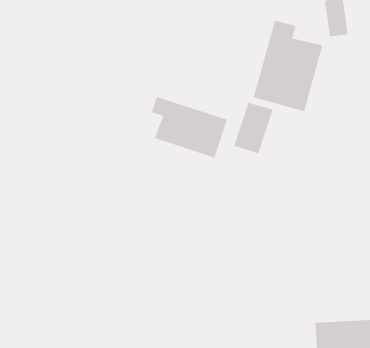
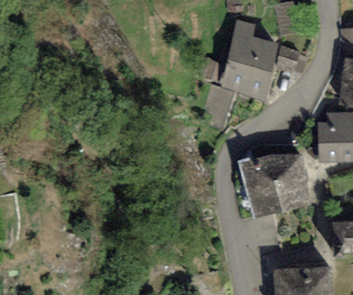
building: [151,96,228,159] -> none
building: none -> [242,150,311,214]

